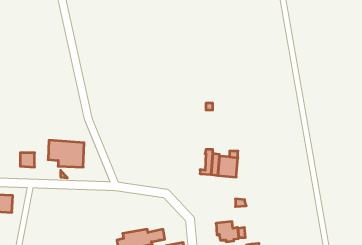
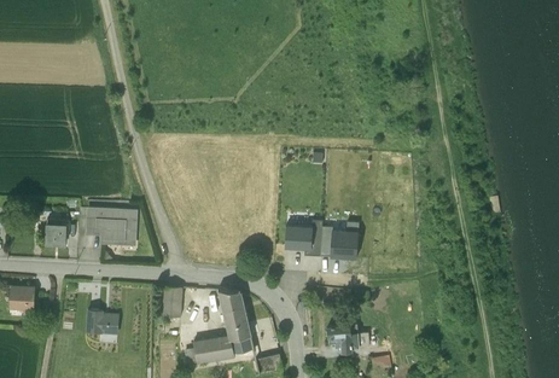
building: none -> [284,225,311,250]
building: none -> [159,286,181,318]
building: none -> [216,290,250,339]
building: none -> [85,310,118,335]

